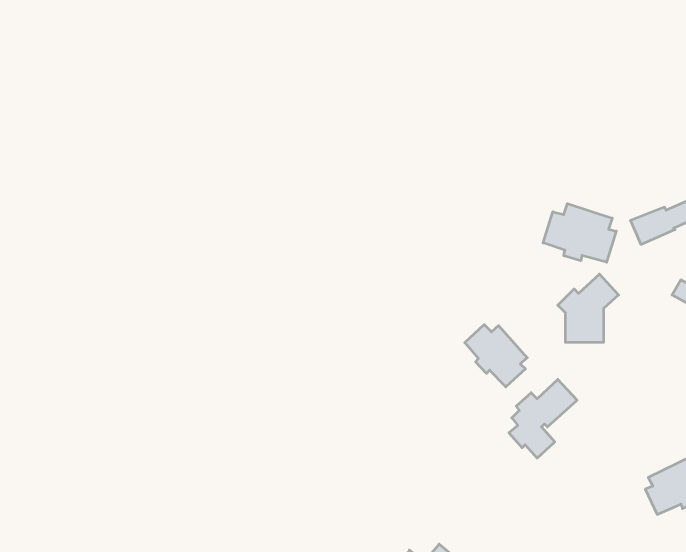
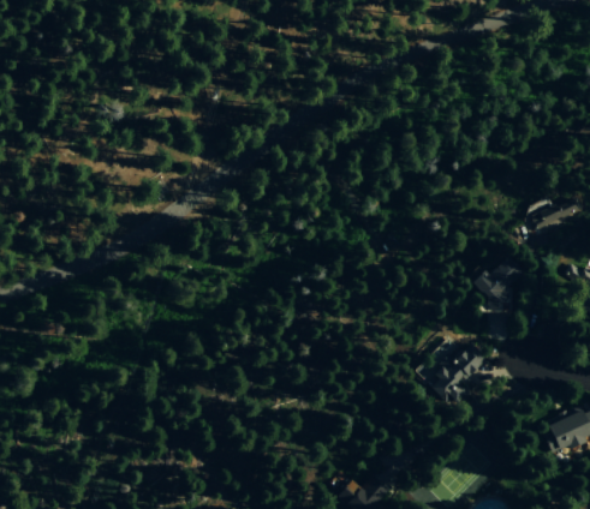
building: [543,204,616,262] -> none
building: [465,325,527,387] -> none

